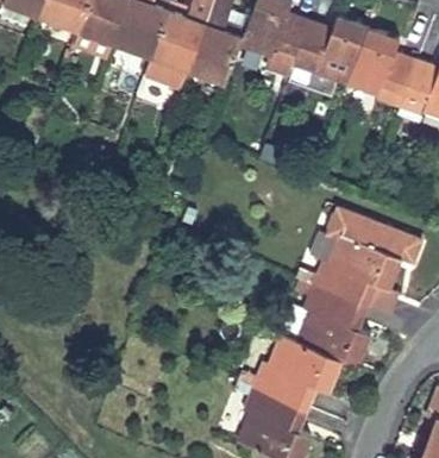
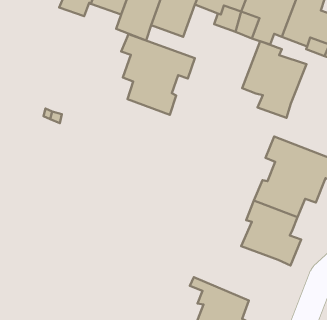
building: none -> [121,34,195,115]
building: none -> [242,41,307,118]
building: [239,335,343,408] -> none

